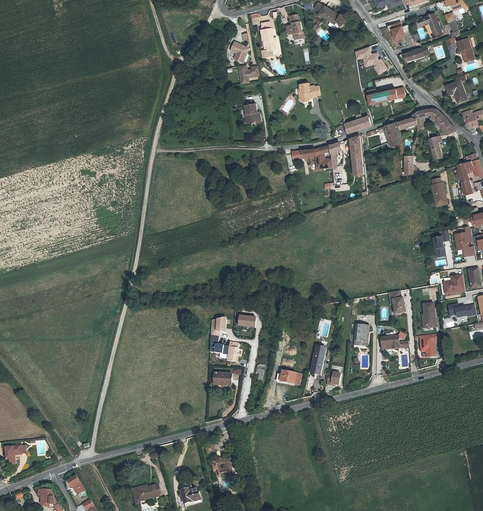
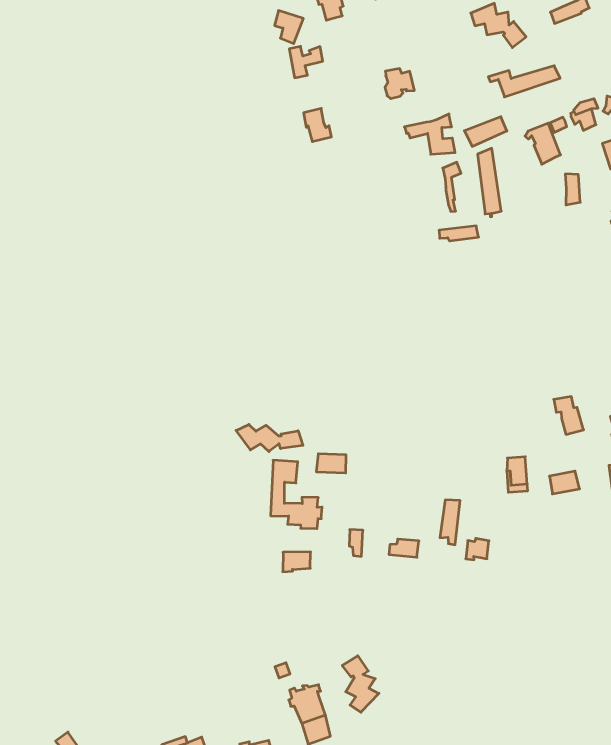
building: [302,144,332,168] -> [404,114,455,154]
building: none -> [236,424,303,452]
building: none -> [342,656,379,712]

